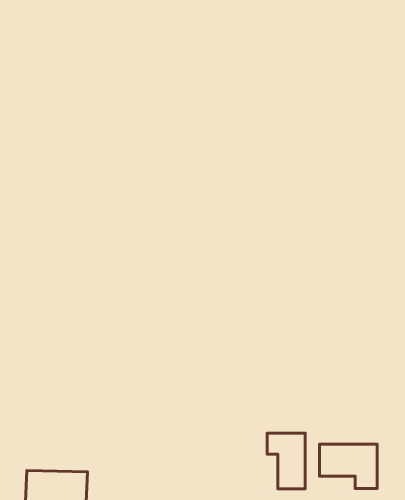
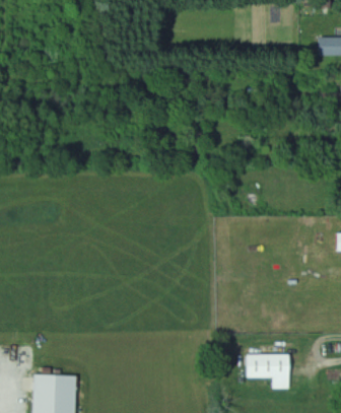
building: [267,433,305,489] -> none

